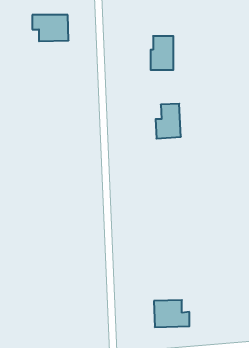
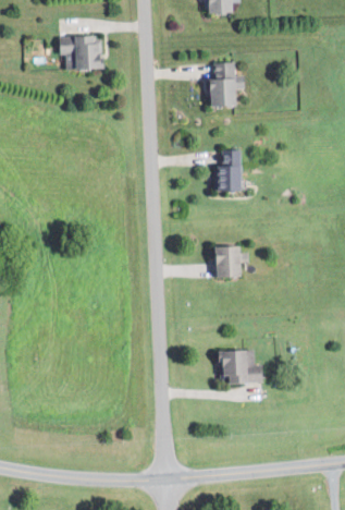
building: none -> [214,247,247,278]
building: [154,300,189,327] -> [209,348,255,382]

